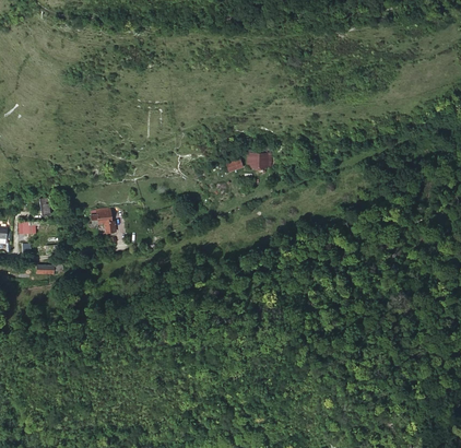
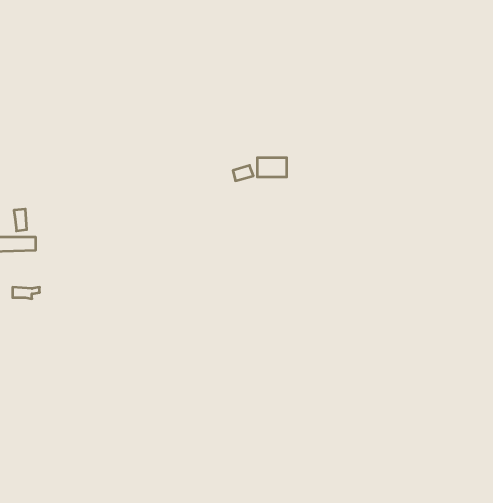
building: [90,208,115,234] -> none

